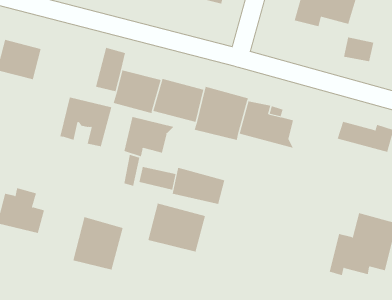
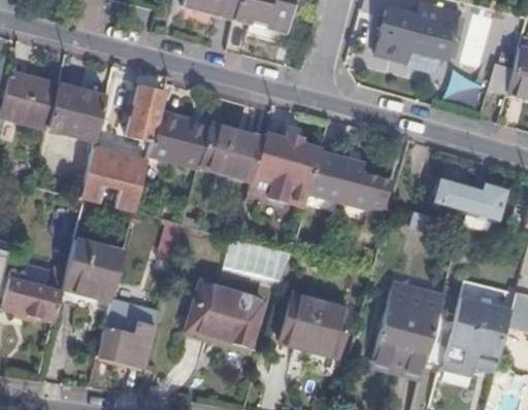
building: none -> [46,88,104,139]
building: [124,116,174,157] -> none
building: [139,166,176,191] -> none
building: none -> [62,240,123,301]
building: none -> [373,287,441,371]
building: none -> [285,299,354,368]

